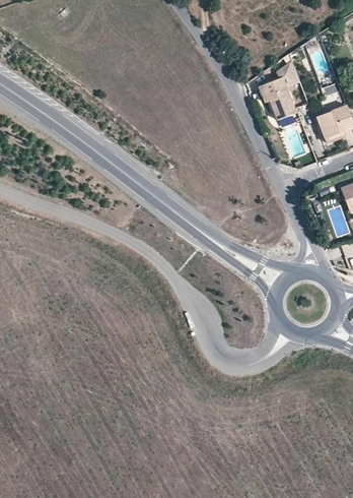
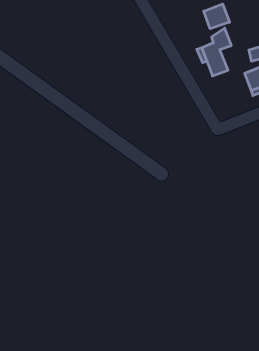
building: none -> [204,4,230,29]

